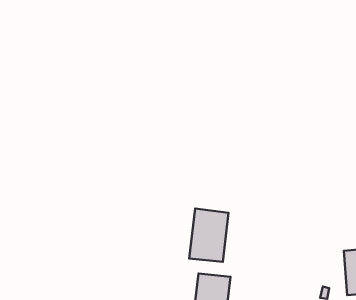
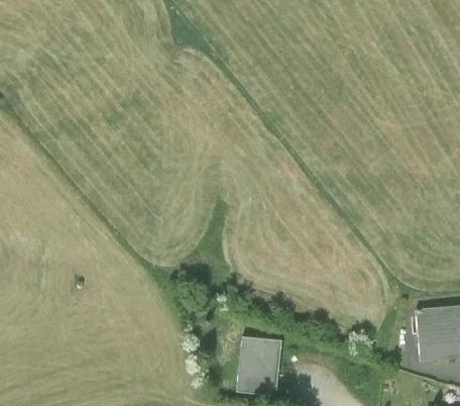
building: [189,209,229,262] -> none

